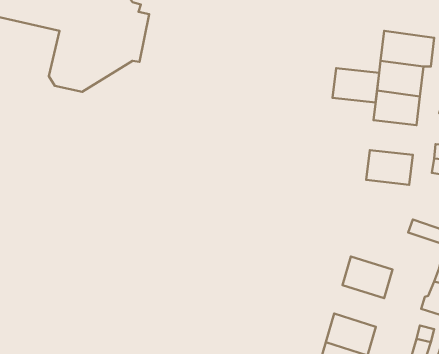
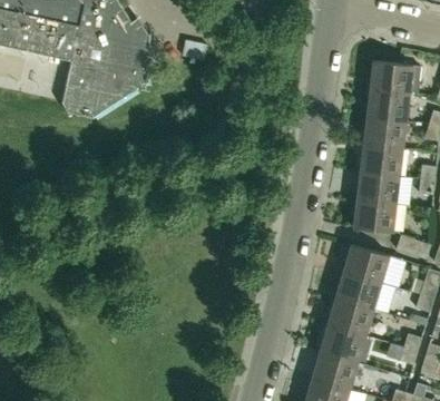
building: [333,68,379,103] -> [361,144,404,176]
building: none -> [354,199,398,232]
building: none -> [343,244,390,283]
building: none -> [327,297,374,336]

